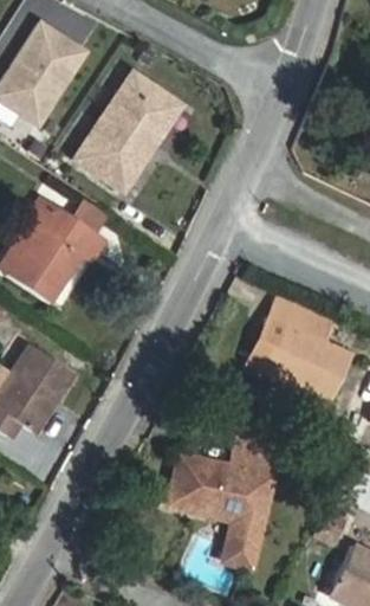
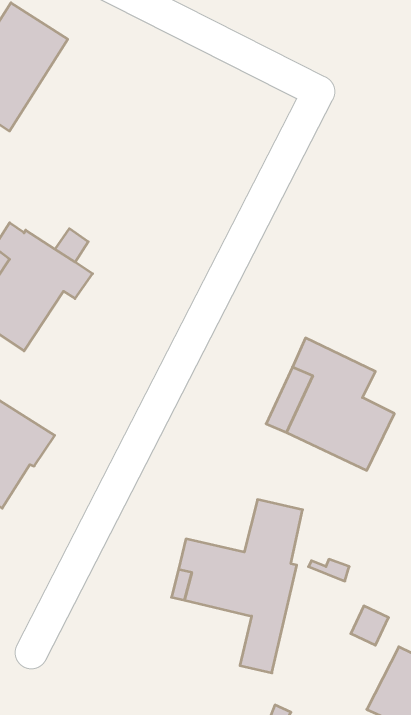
building: [74,72,182,192] -> none

